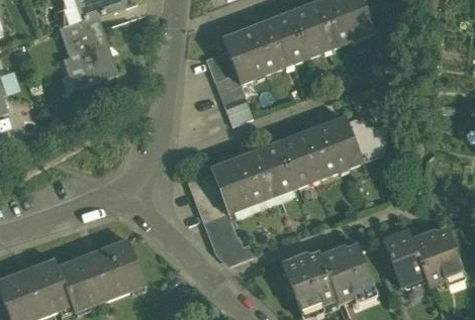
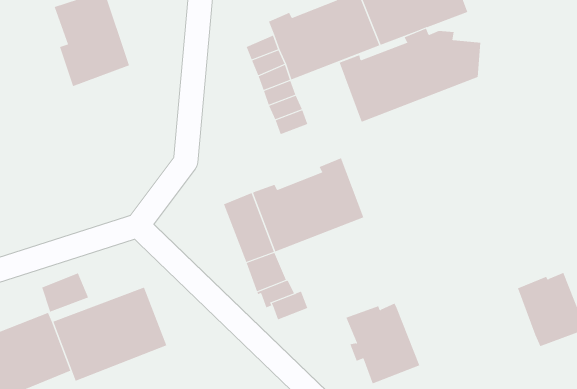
building: [278,116,386,188] -> [339,28,481,123]
building: none -> [41,272,89,312]
building: [382,231,424,286] -> none
building: [320,245,375,304] -> none

